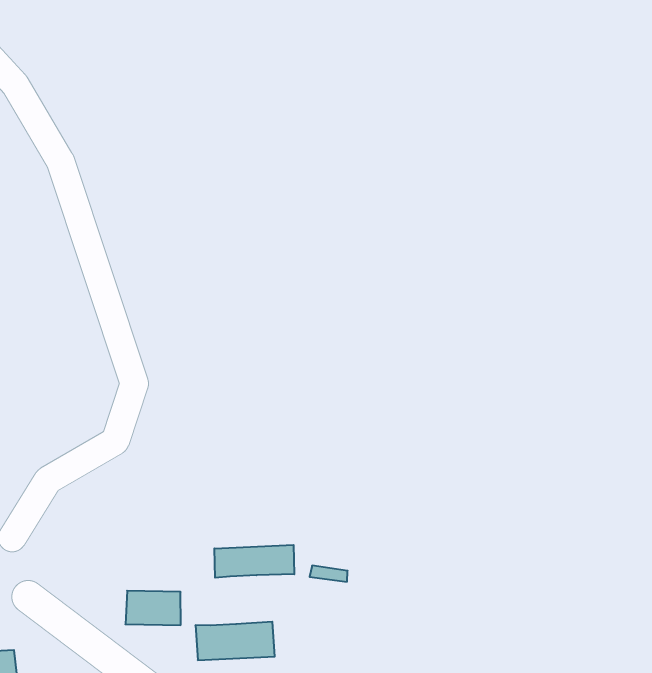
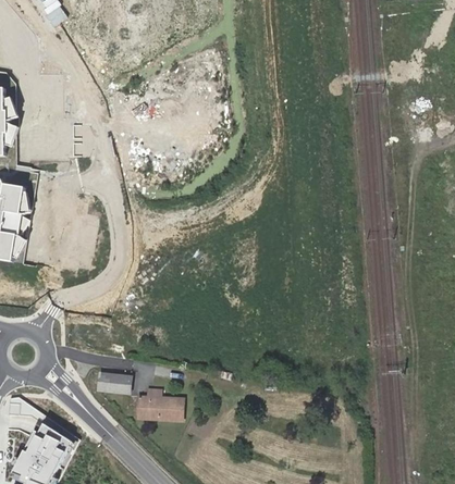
building: [214,545,294,578] -> none

